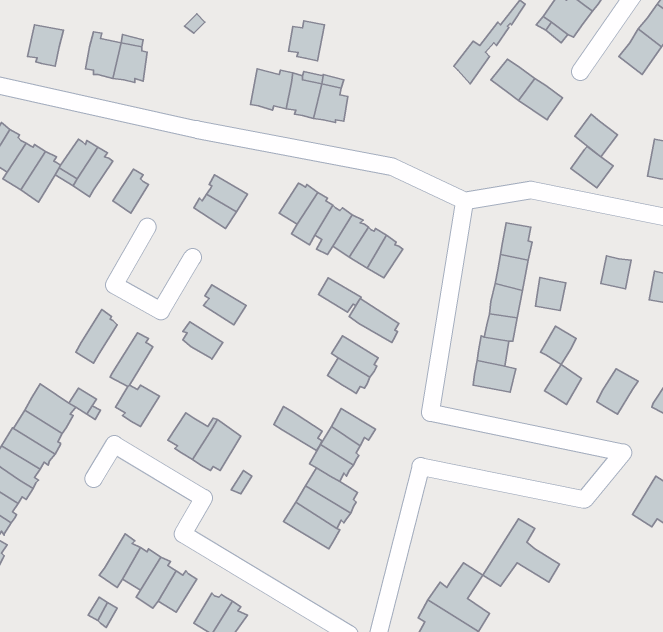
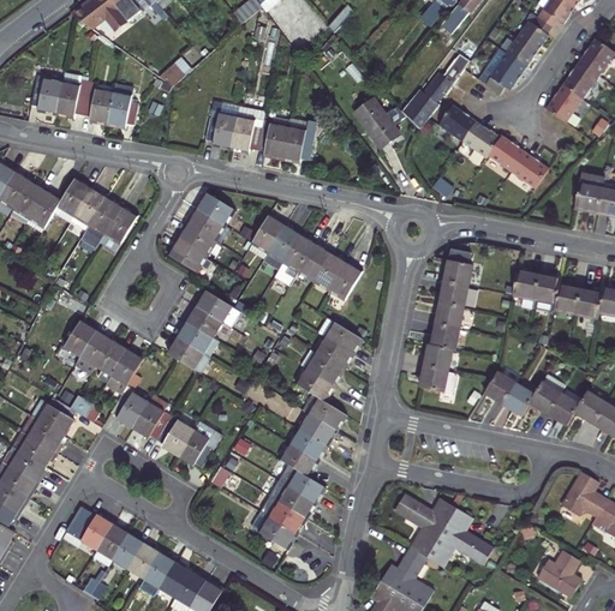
building: [289,21,324,61] -> [202,112,233,146]
building: none -> [56,82,90,116]
building: none -> [357,100,408,150]
building: [571,147,613,188] -> [488,138,525,174]
building: none -> [196,193,234,224]
building: none -> [80,196,125,247]
building: none -> [171,236,213,269]
building: none -> [554,288,580,317]
building: none -> [193,289,233,322]
building: [536,277,566,310] -> [512,274,538,302]
building: [319,278,361,312] -> [314,337,351,367]
building: none -> [64,318,97,354]
building: none -> [174,322,213,354]
building: none -> [95,339,129,382]
building: [540,326,576,365] -> [503,385,535,419]
building: none -> [548,395,579,429]
building: none -> [131,401,171,439]
building: [274,407,322,451] -> [299,391,341,430]
building: none -> [400,492,461,557]
building: none -> [68,507,118,551]
building: none -> [246,510,295,550]
building: none -> [532,549,580,599]
building: none -> [162,561,193,599]

